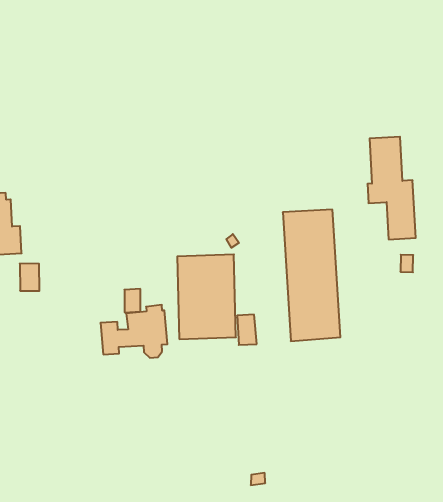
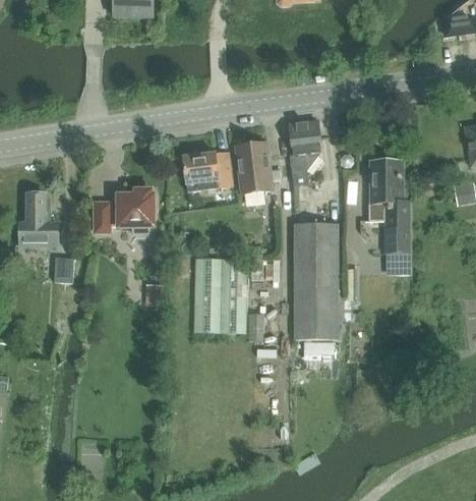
building: none -> [289,118,320,186]
building: none -> [235,144,272,193]
building: none -> [184,150,232,189]
building: [100,305,167,358] -> [96,188,155,235]

